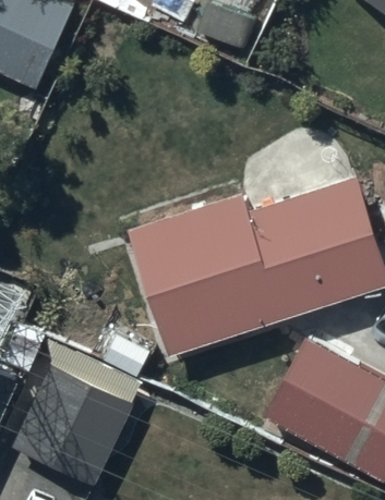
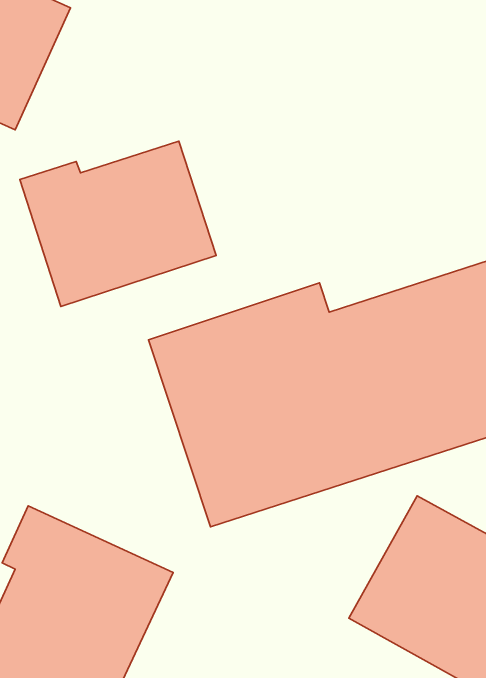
building: none -> [20,141,216,307]

